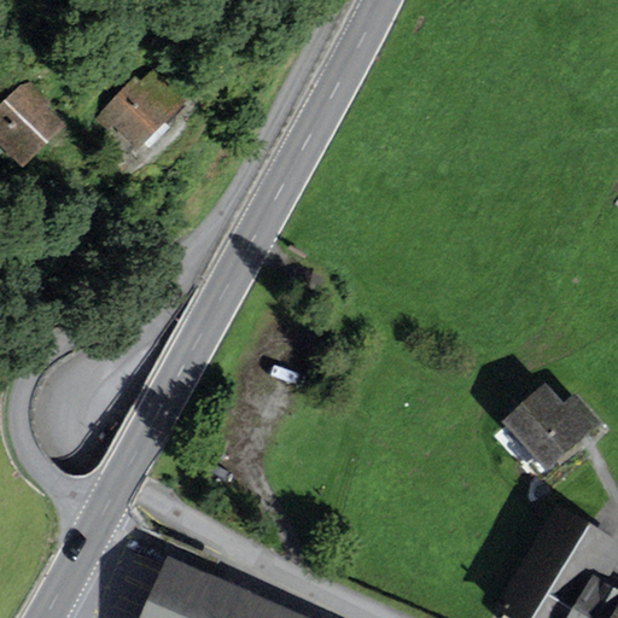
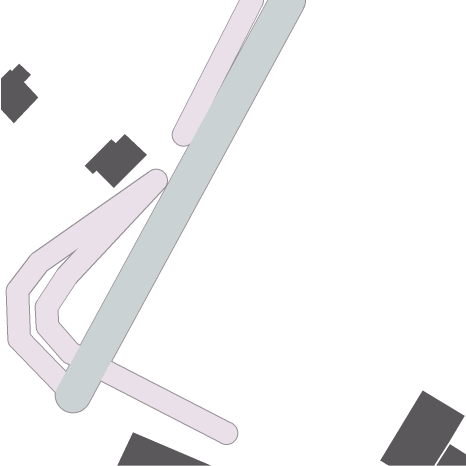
building: [95,72,180,146] -> [84,133,148,189]
building: [508,391,596,470] -> none

